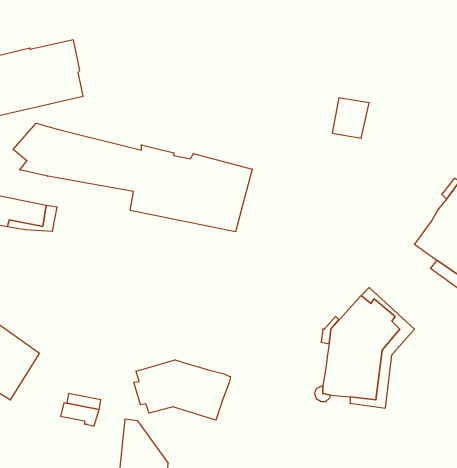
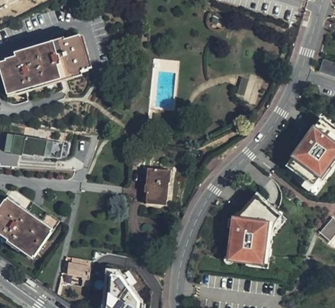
building: [13,123,252,232] -> none
building: none -> [142,165,170,201]
building: [134,360,230,420] -> none

